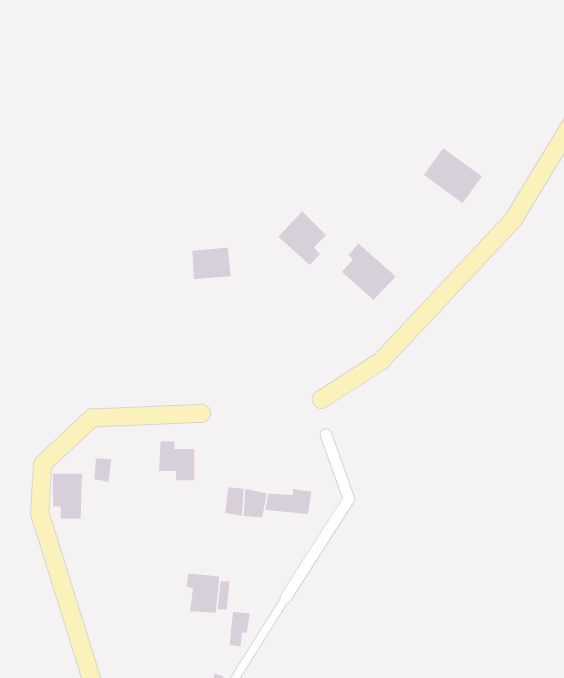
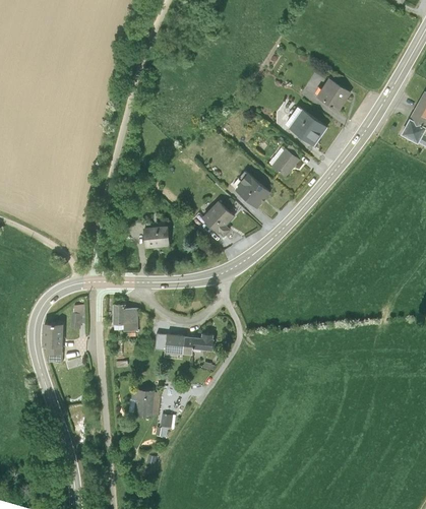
building: none -> [317,79,352,112]
building: none -> [272,149,300,178]
building: [278,211,327,266] -> [202,201,235,238]
building: [191,247,231,280] -> [144,227,171,248]

